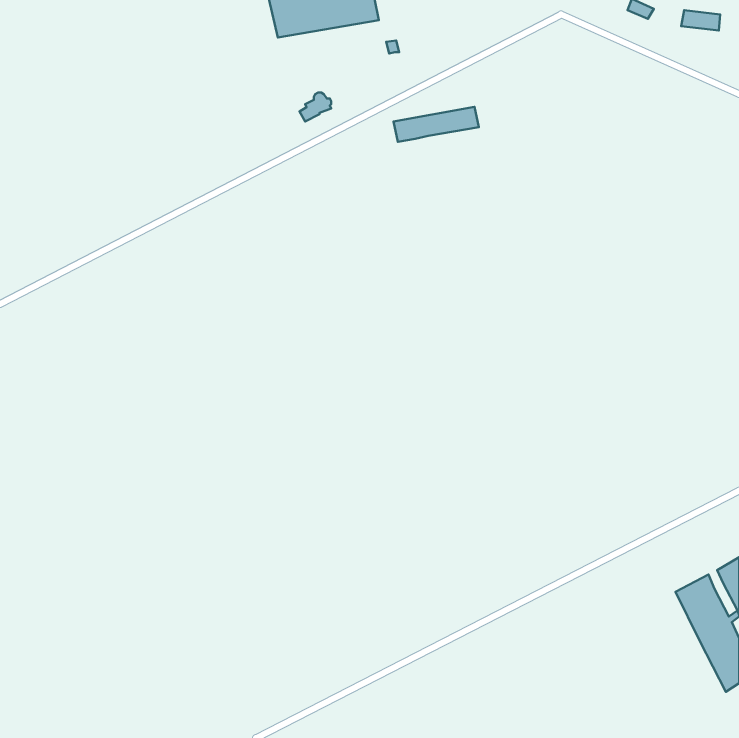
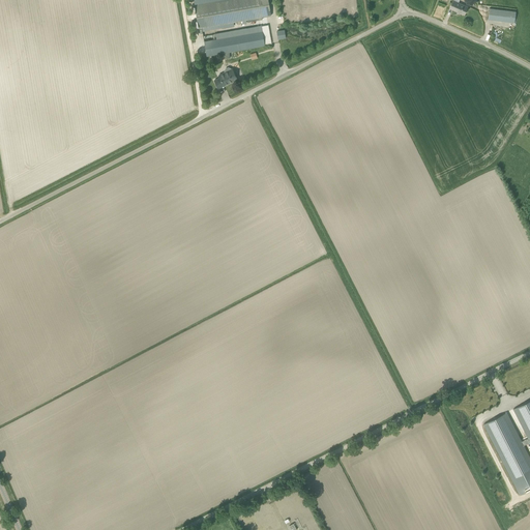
building: [393,107,479,142] -> [204,30,265,55]

